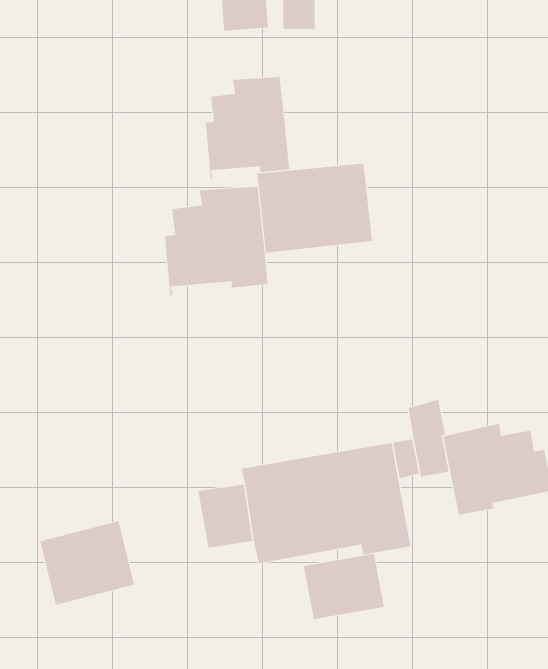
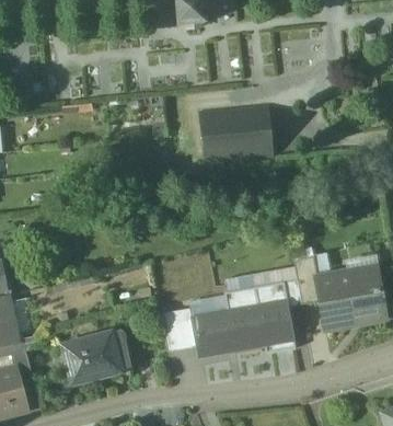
building: [205,75,290,180] -> none
building: [164,185,268,296] -> none
building: [303,553,385,620] -> none

